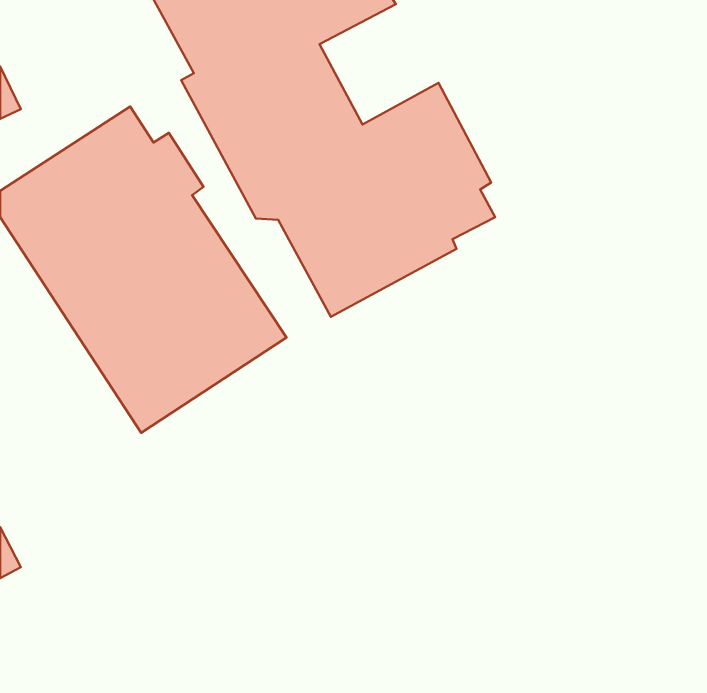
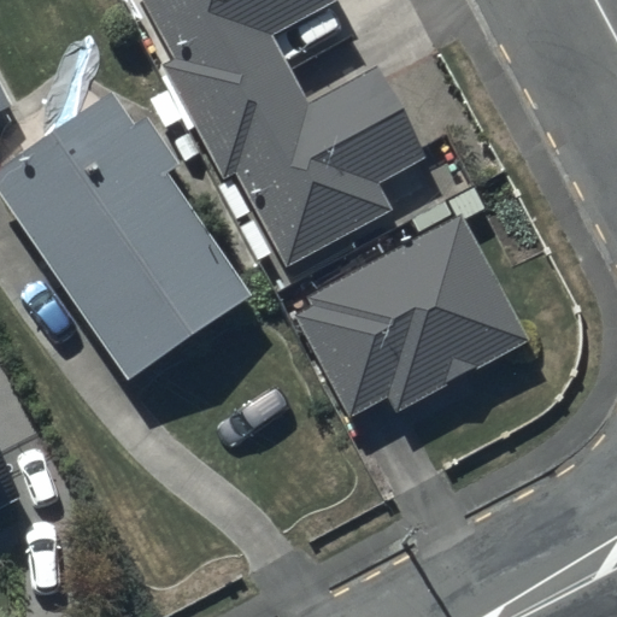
building: none -> [296,180,528,412]

